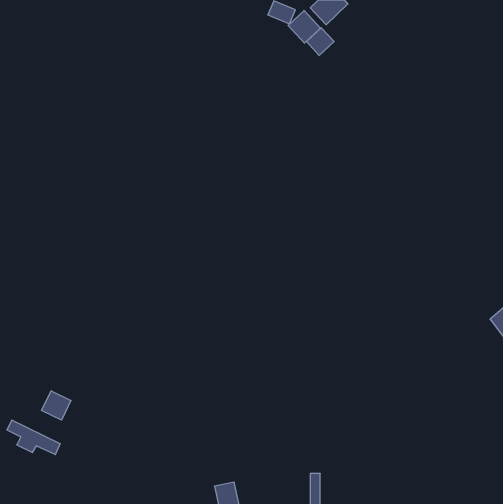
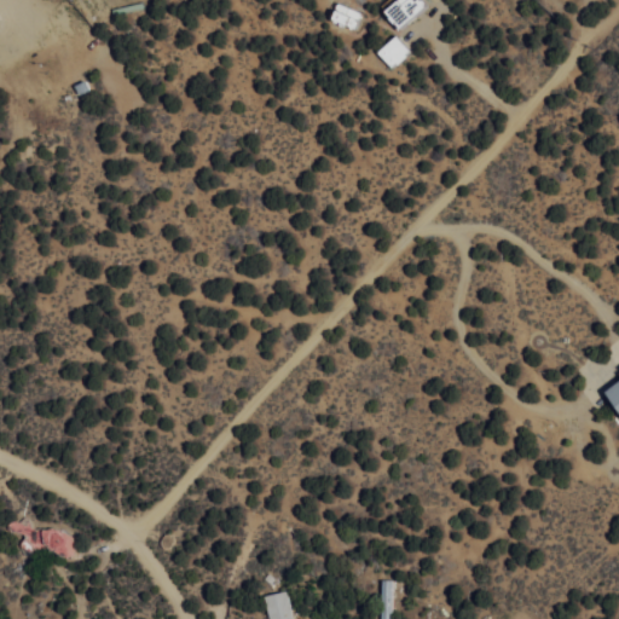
building: [288,10,321,43] -> none
building: [42,391,71,420] -> none

